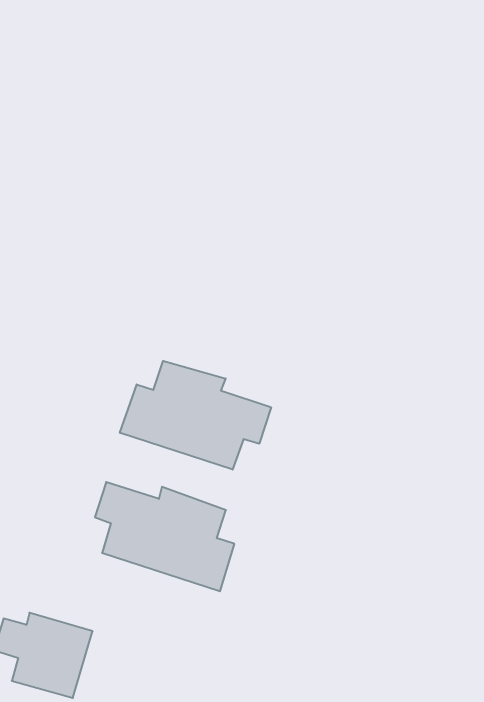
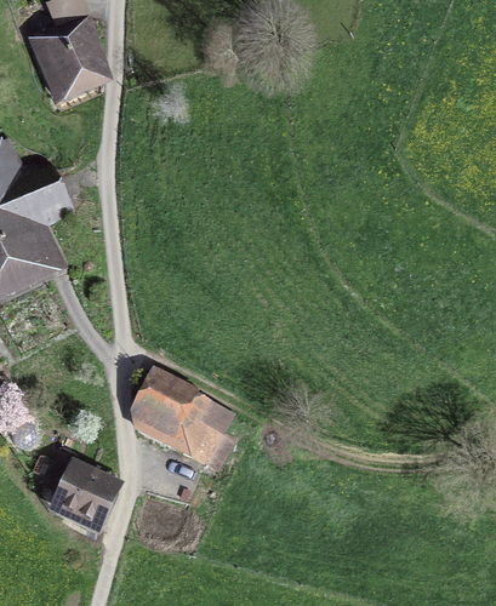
building: [120,361,271,470] -> none

